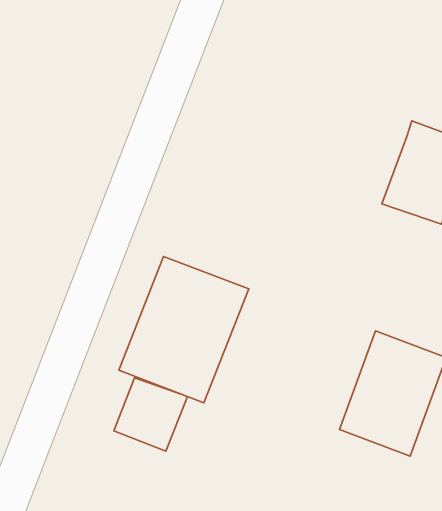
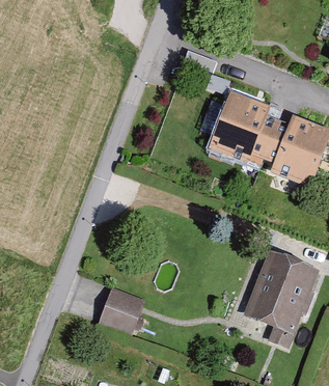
building: none -> [205,88,291,170]
building: [119,257,249,403] -> none

